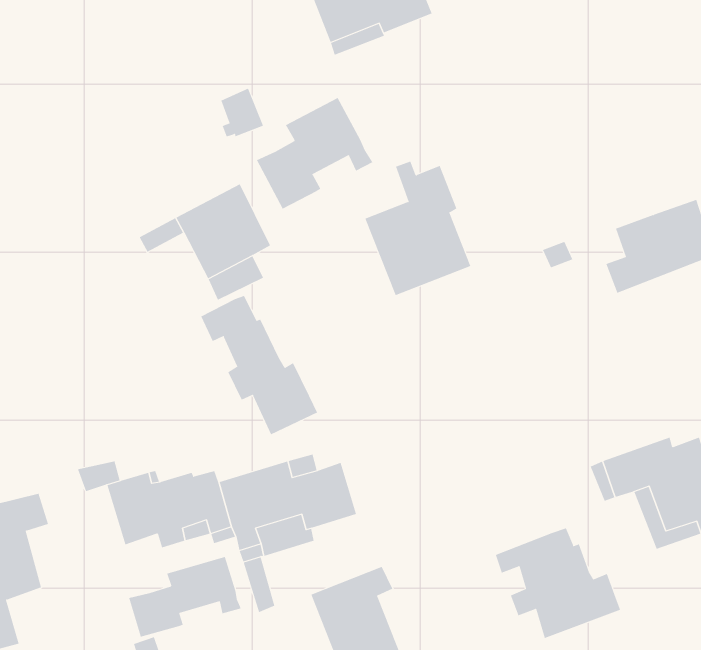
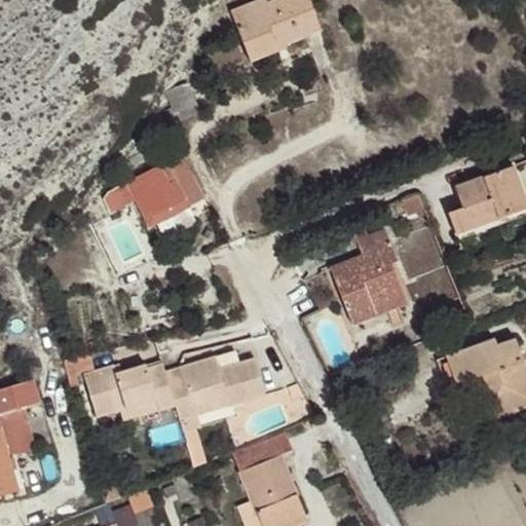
building: [256,97,373,209] -> none
building: [364,161,471,296] -> [330,225,408,324]
building: [200,295,318,435] -> none
building: [495,528,621,639] -> none
building: [129,556,241,637] -> none

